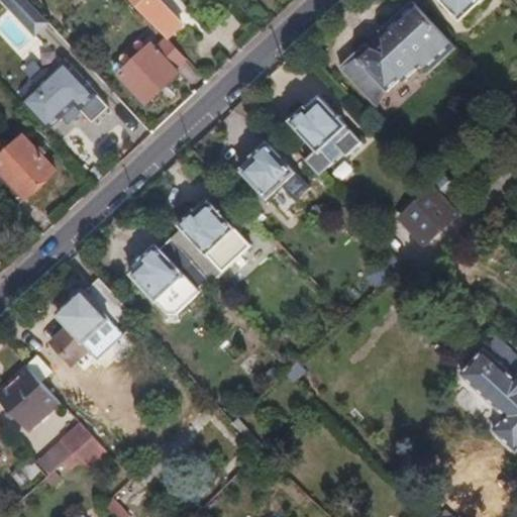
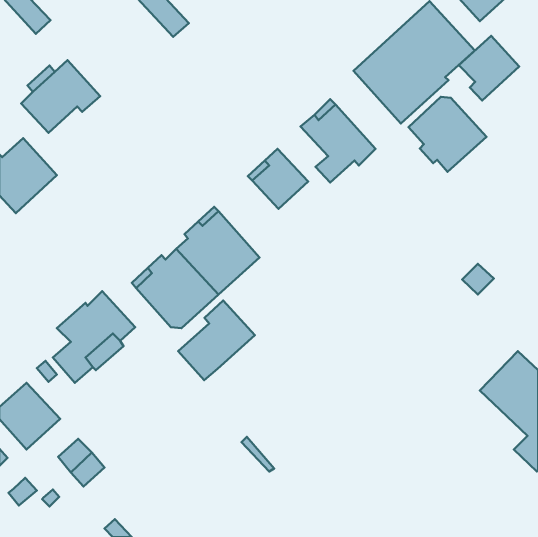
building: none -> [459,36,519,100]
building: [117,38,189,106] -> none
building: none -> [409,97,486,172]
building: [403,192,455,243] -> none
building: none -> [178,300,255,380]

